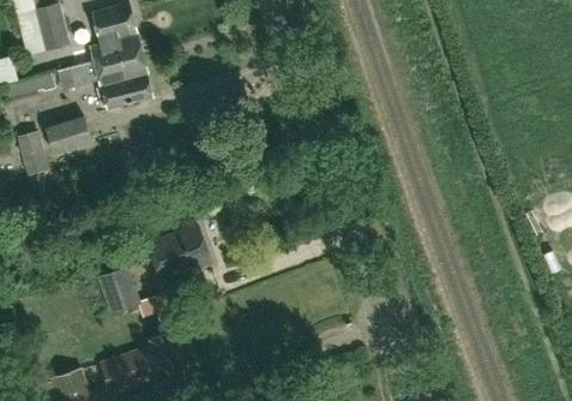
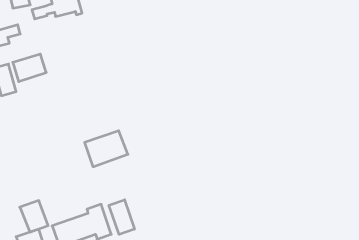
building: [56,55,153,109] -> none
building: [97,268,138,313] -> [20,201,48,232]
building: none -> [109,200,134,234]

